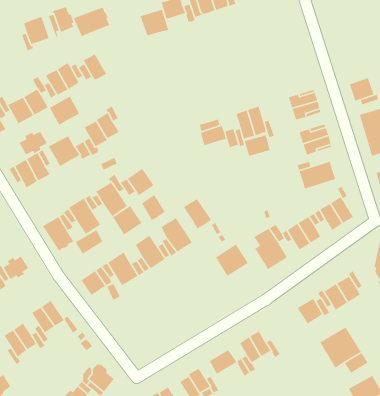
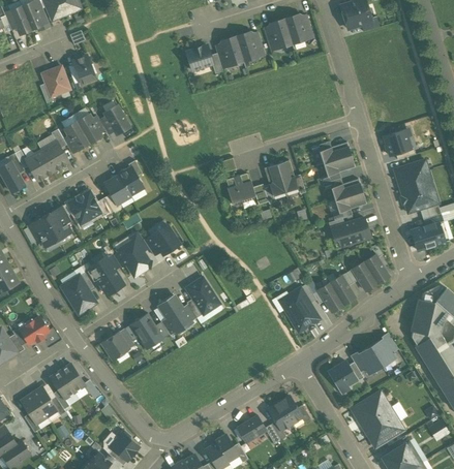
building: [73,7,111,37] -> none
building: [140,9,169,37] -> none
building: [49,95,80,126] -> none
building: [19,131,48,156] -> none
building: [244,134,271,157] -> none
building: [141,194,166,221] -> none
building: [183,198,212,230] -> none
building: [112,205,142,236] -> none
building: [74,229,104,255] -> none
building: [215,243,249,277] -> none

